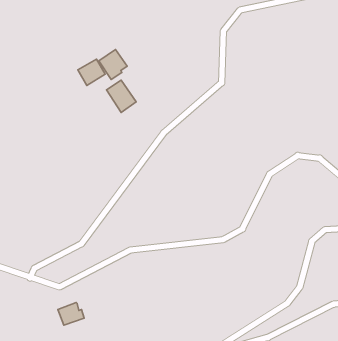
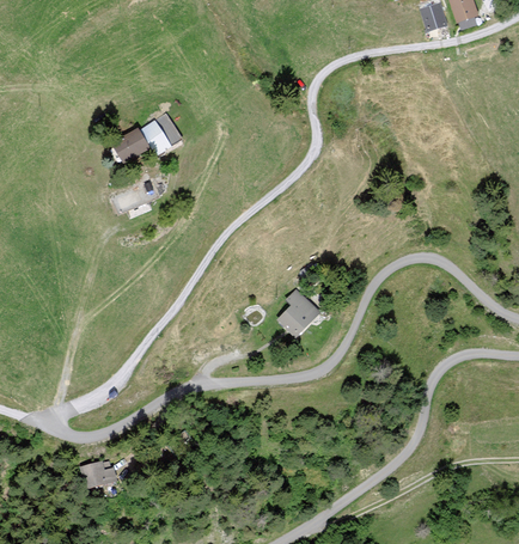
building: [107,80,136,112] -> none
building: none -> [277,288,323,340]

